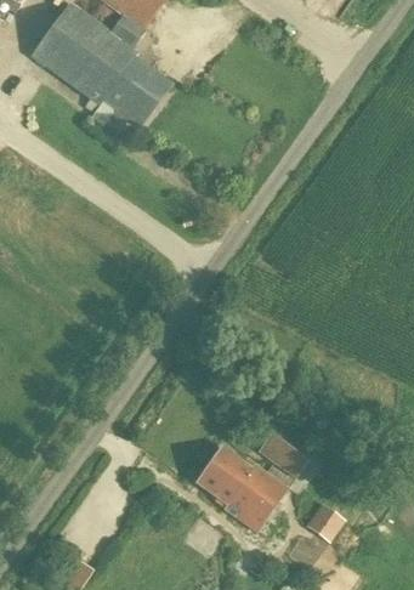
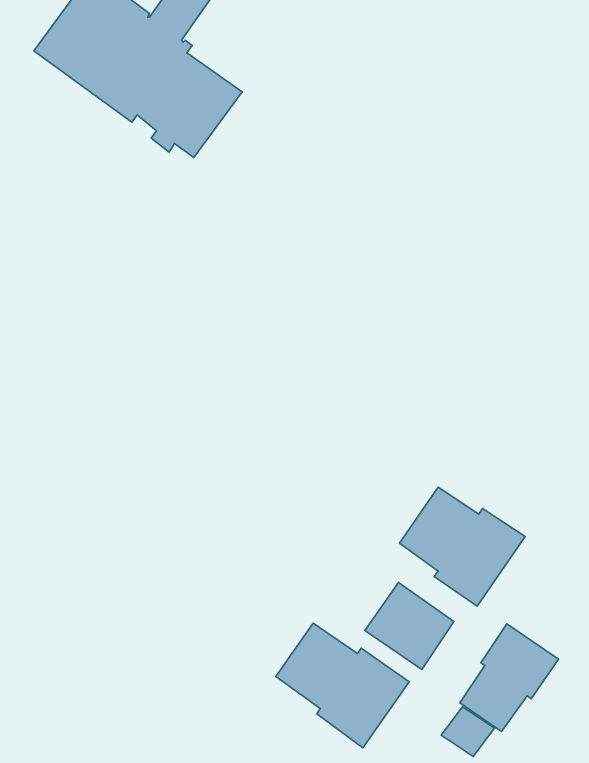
building: none -> [399,487,525,606]
building: none -> [460,624,558,732]

